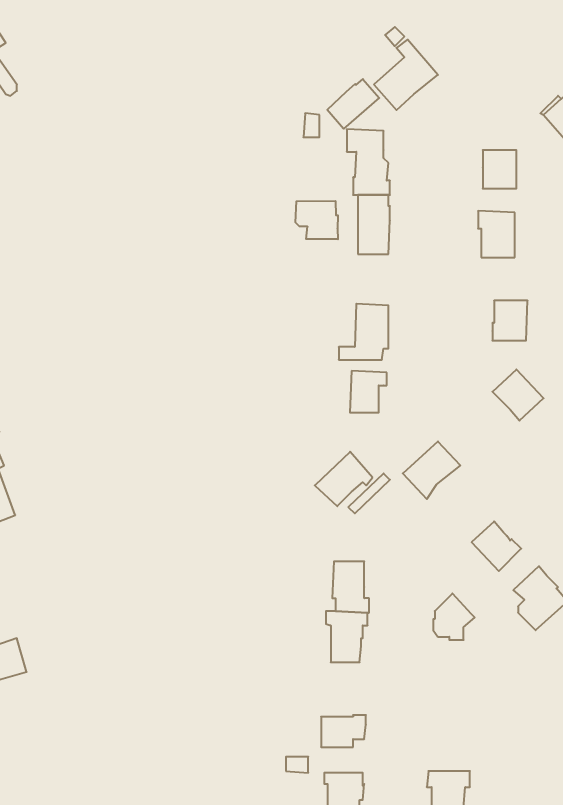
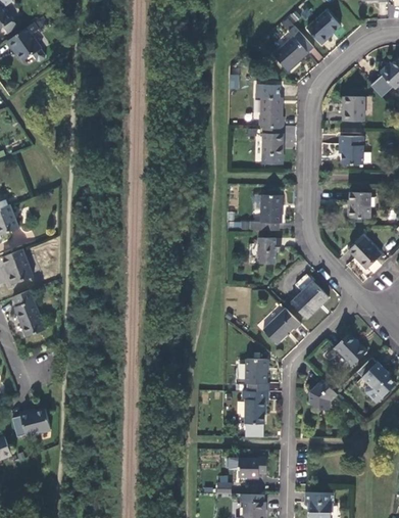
building: none -> [306,10,340,44]
building: [327,79,379,129] -> none
building: [295,201,338,239] -> none
building: [315,452,372,506] -> [263,309,300,343]

